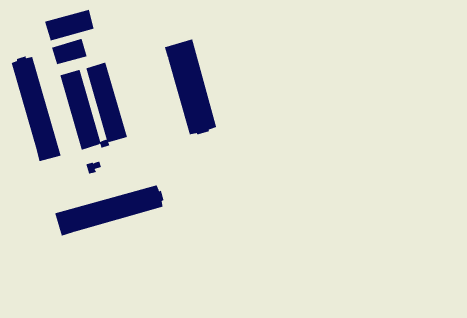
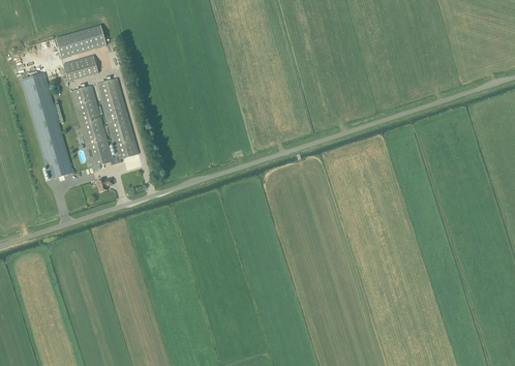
building: [164,39,217,135] -> none
building: [55,185,164,236] -> none

